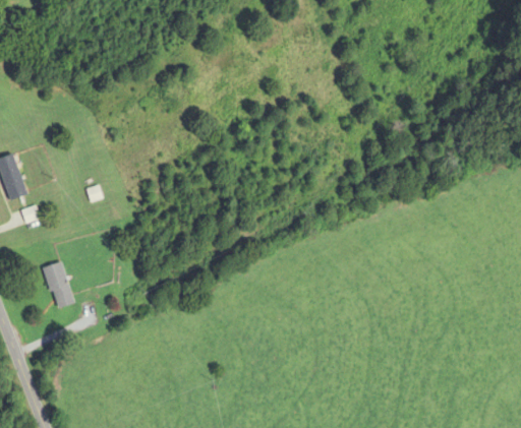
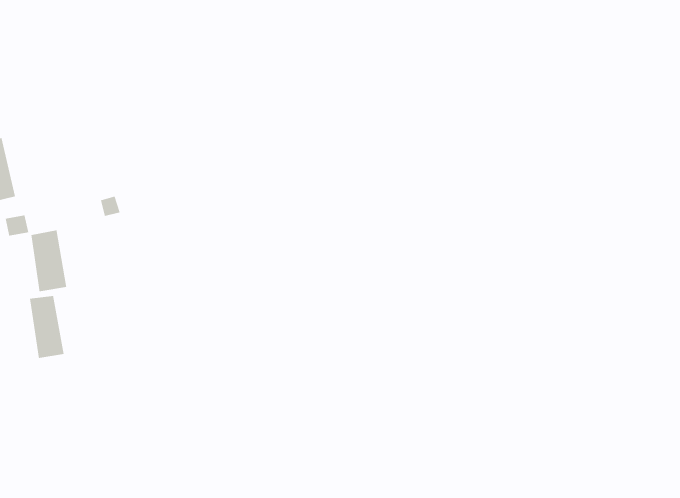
building: none -> [31,229,67,292]

